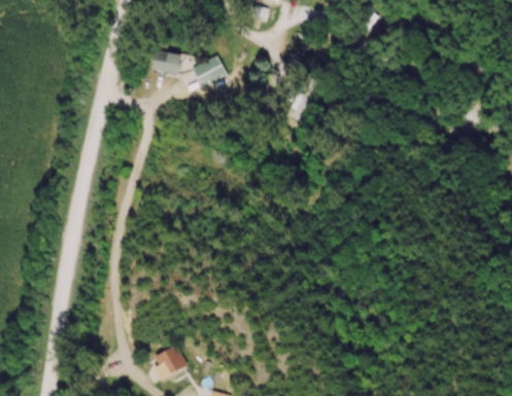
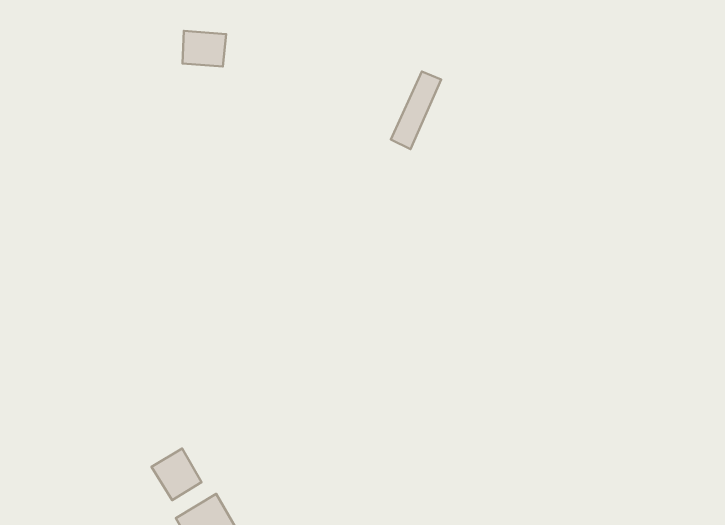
building: [192,56,227,87] -> none
building: none -> [151,448,202,500]

